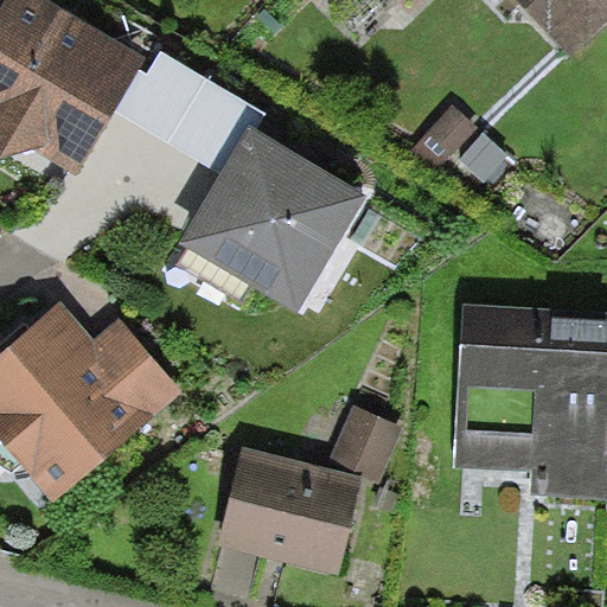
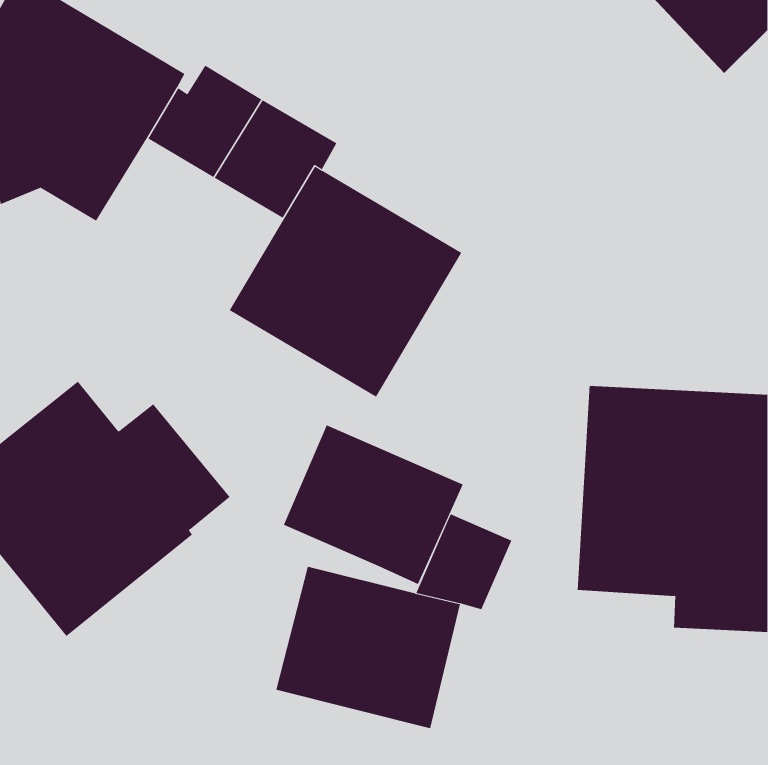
building: none -> [283,425,463,585]

